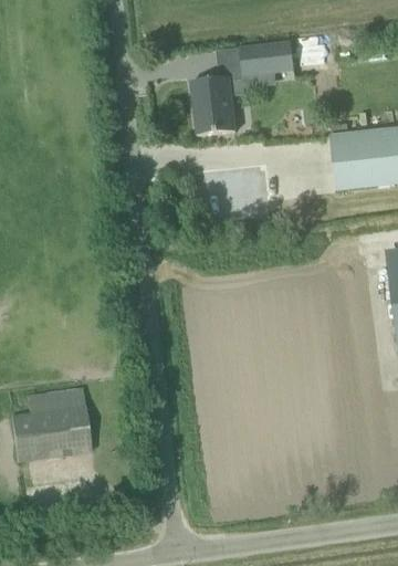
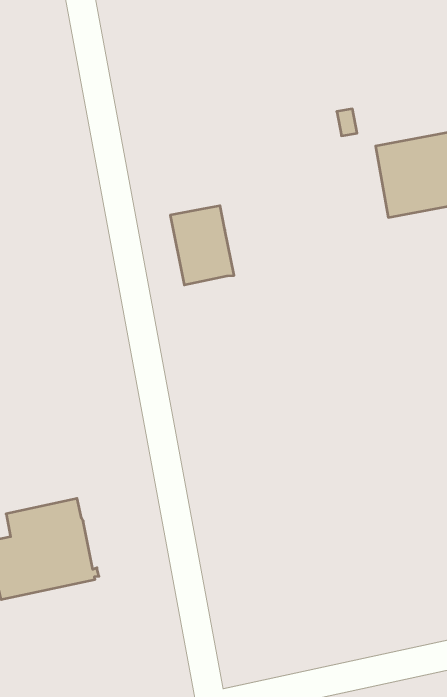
building: [239,42,293,76] -> none
building: [190,74,235,133] -> [170,206,234,285]

